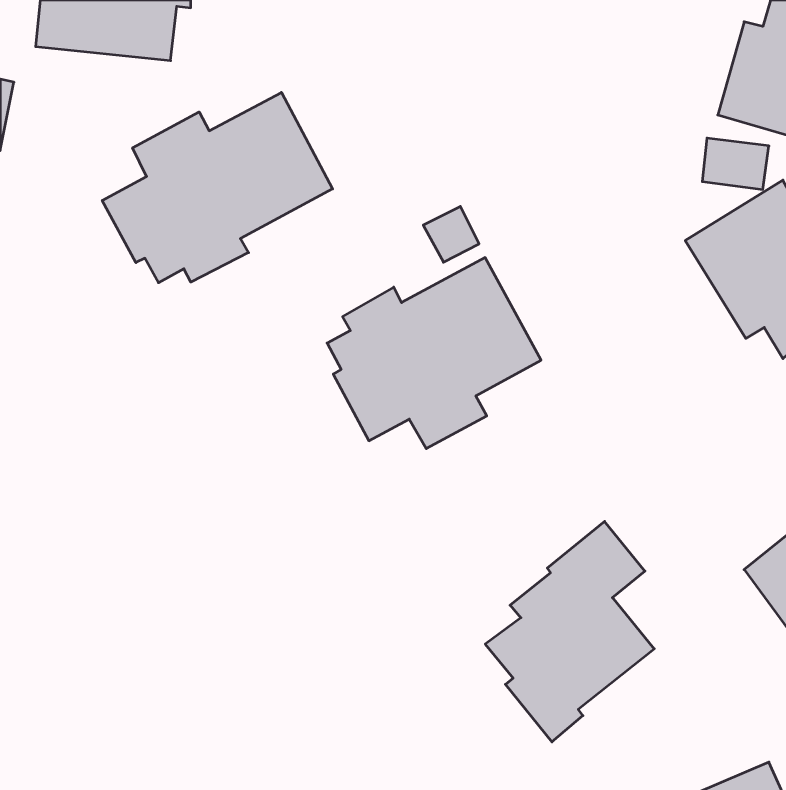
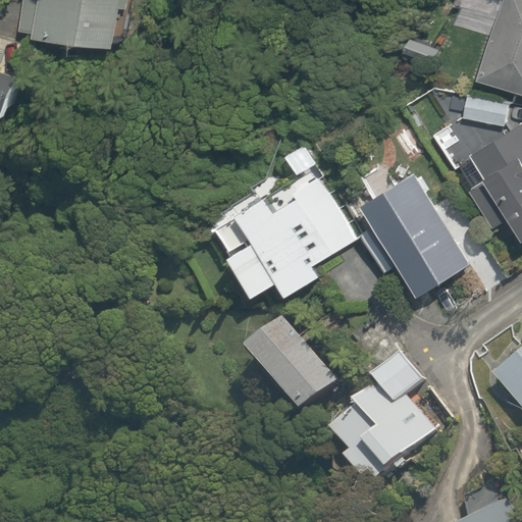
building: [102,92,333,283] -> none
building: none -> [354,163,466,298]
building: none -> [243,312,332,412]

